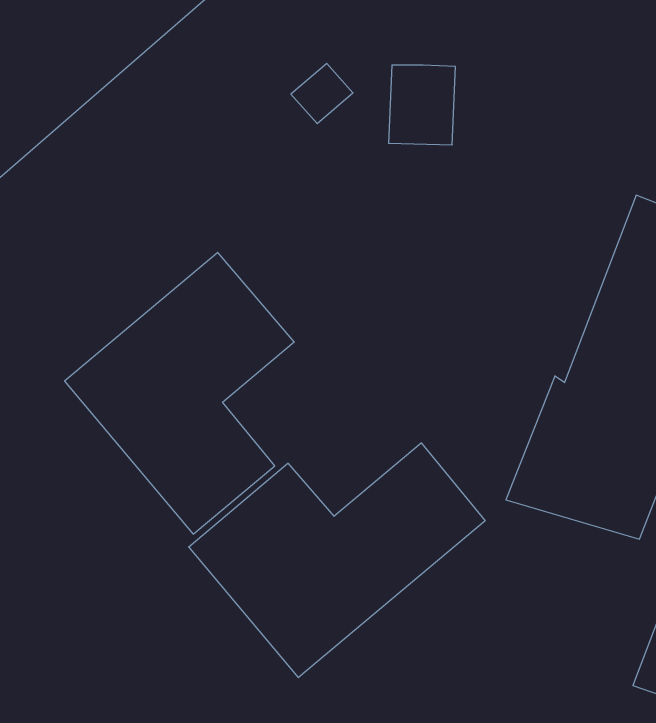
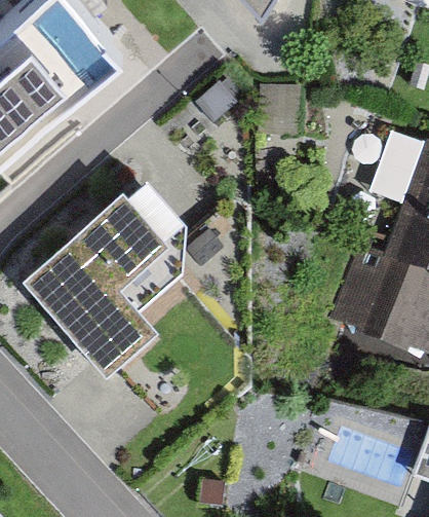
building: [189,443,485,678] -> none

